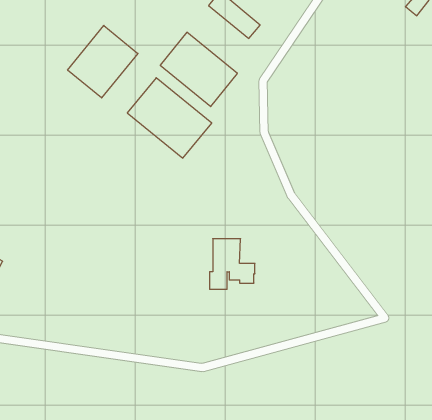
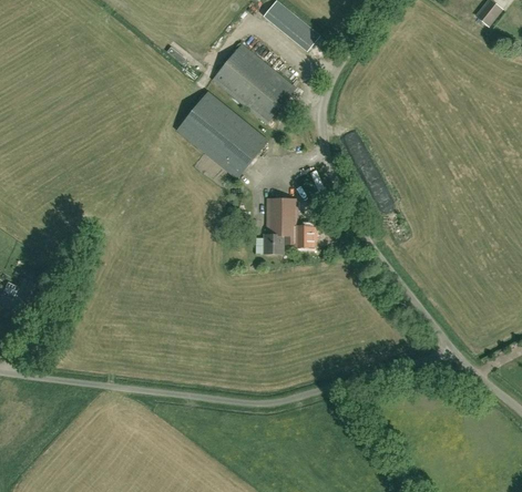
building: [68,25,138,98] -> none
building: [210,239,255,289] -> [264,199,313,254]

